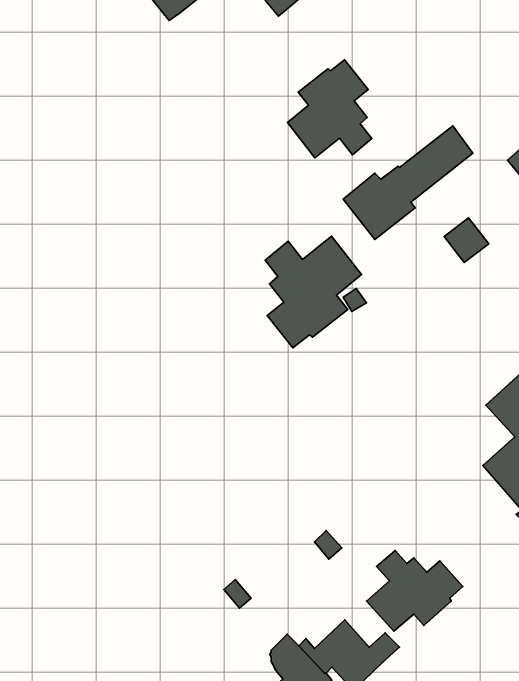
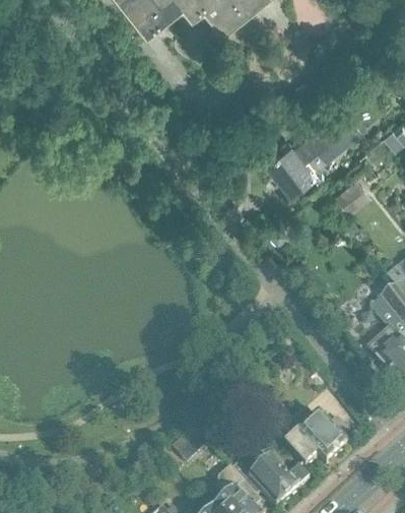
building: [287,60,372,158] -> none
building: [265,236,361,348] -> none

